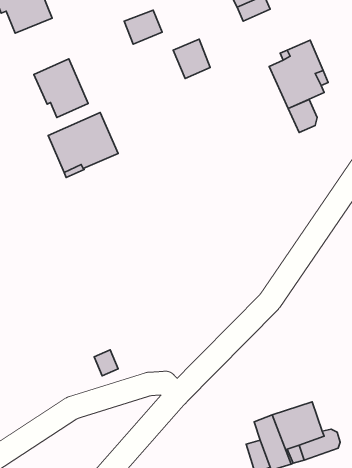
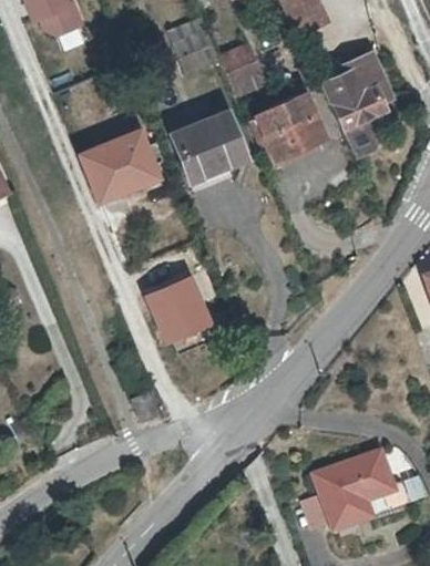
building: [34,59,88,118] -> none
building: none -> [257,93,326,158]
building: none -> [173,111,245,177]
building: none -> [143,277,209,346]

